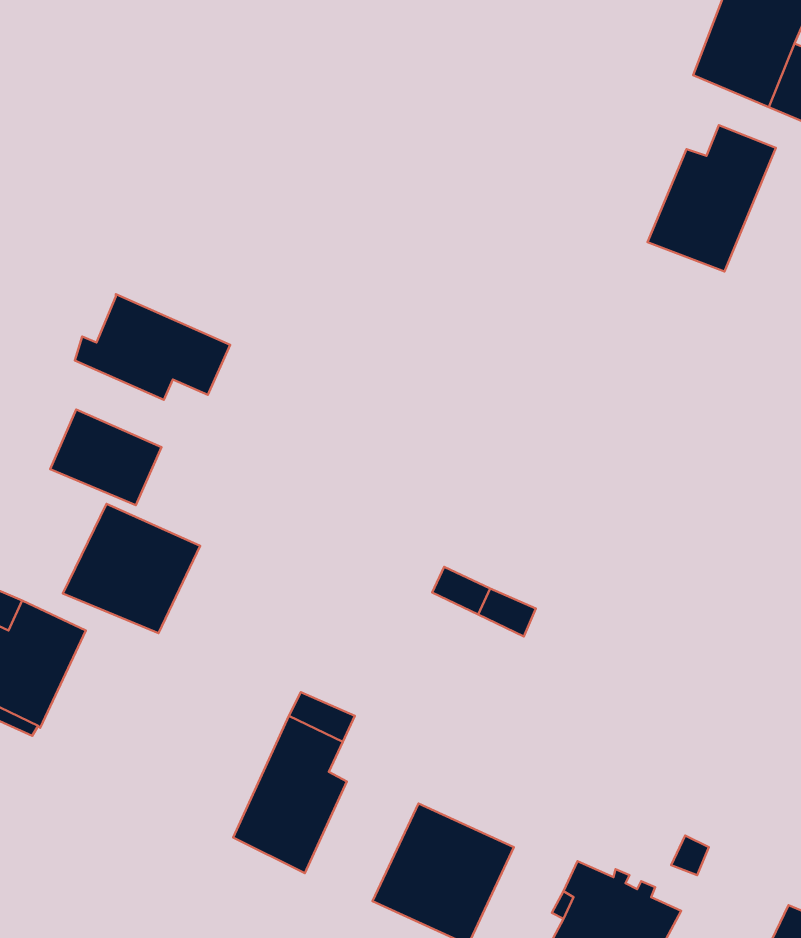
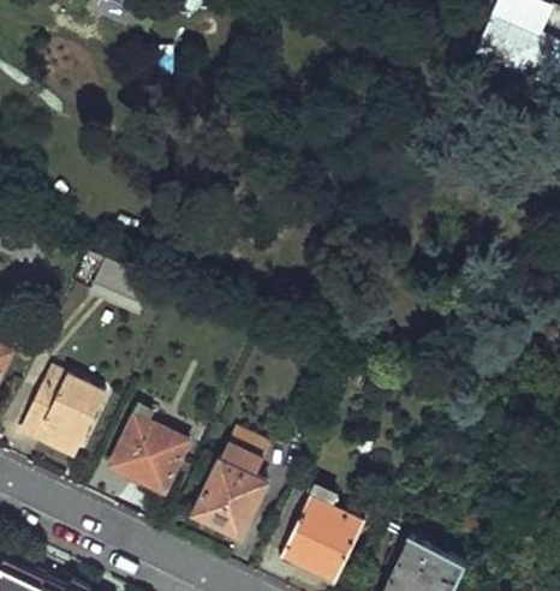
building: [647,125,776,271] -> none
building: [75,294,230,400] -> none
building: [63,504,200,633] -> [108,416,191,494]

